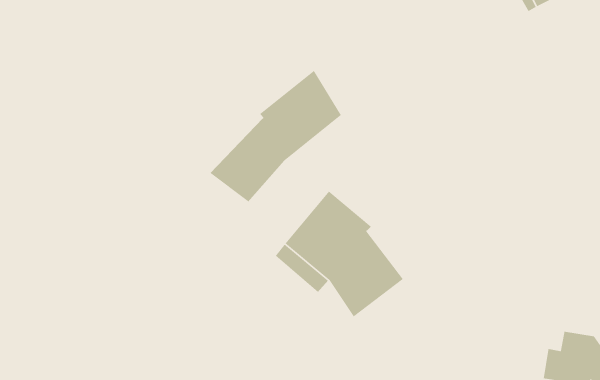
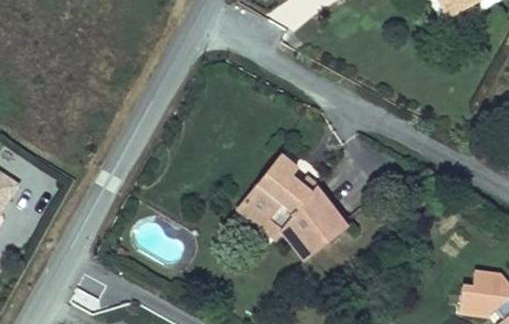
building: [210,70,342,203] -> none

